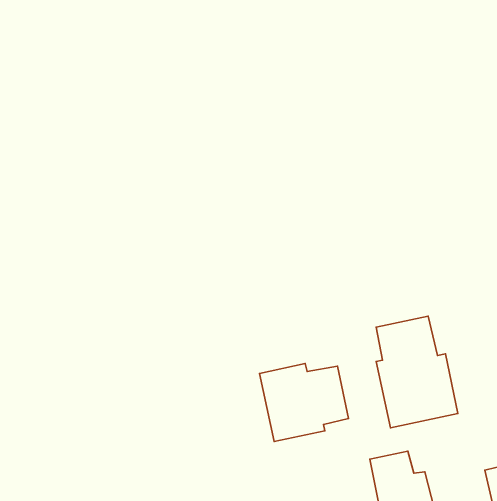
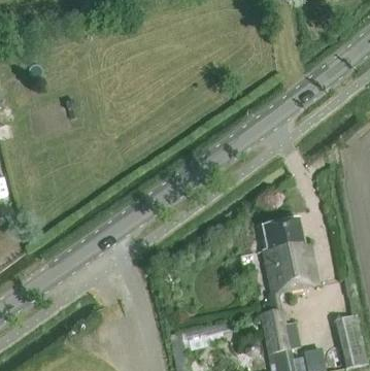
building: [260,364,349,441] -> none

